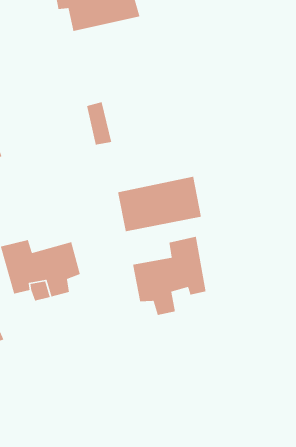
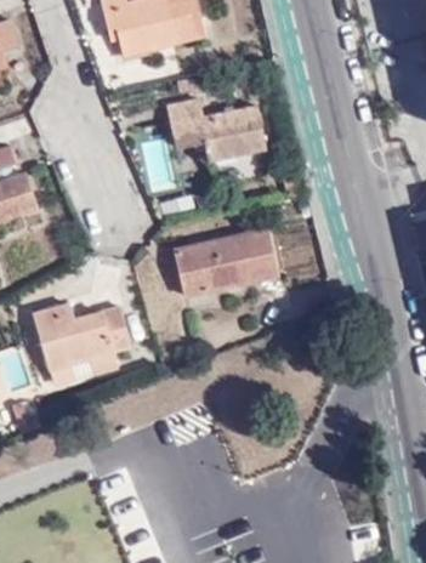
building: none -> [167,98,266,159]
building: [132,236,206,316] -> none

